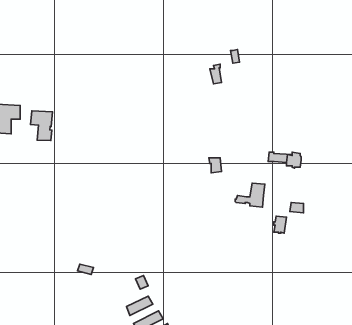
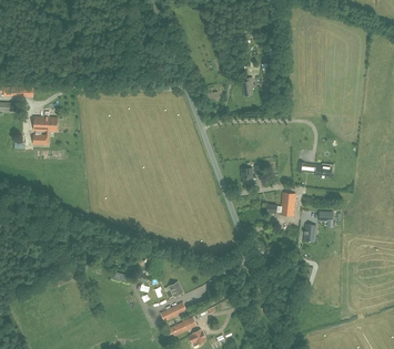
building: [31,111,52,140] -> none

